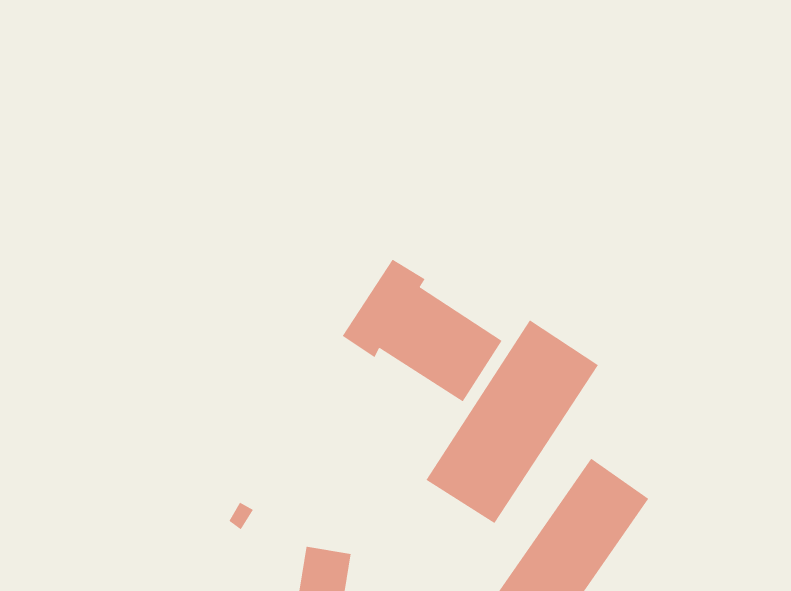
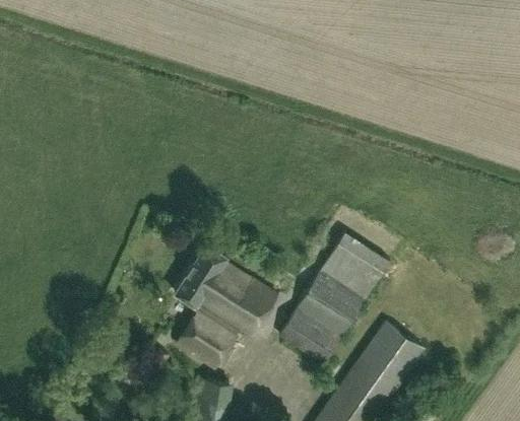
building: [342,259,503,402] -> [173,243,276,336]
building: none -> [176,308,239,369]

